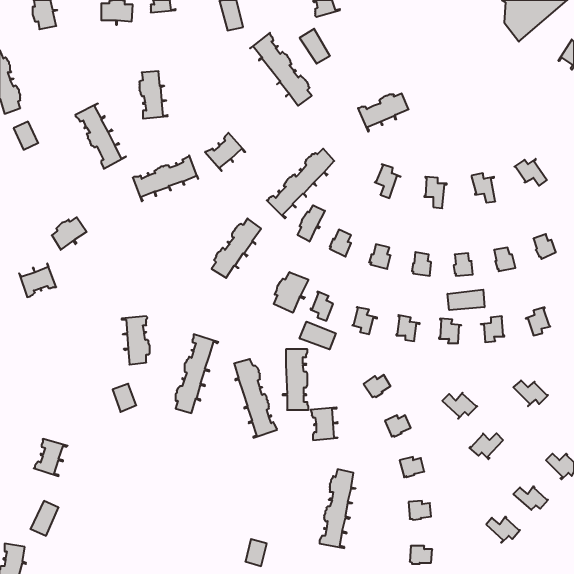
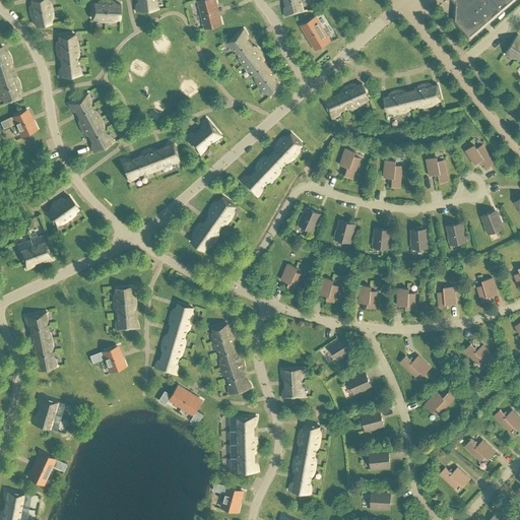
building: [300,29,330,64] -> [301,18,328,50]
building: [139,71,168,119] -> [56,36,81,78]
building: none -> [383,85,440,115]
building: [298,205,325,242] -> none
building: [274,272,308,313] -> none
building: [448,290,484,310] -> none
building: [300,322,336,349] -> none
building: none -> [23,313,57,372]
building: [283,349,308,410] -> [234,417,257,472]
building: none -> [170,387,201,414]

